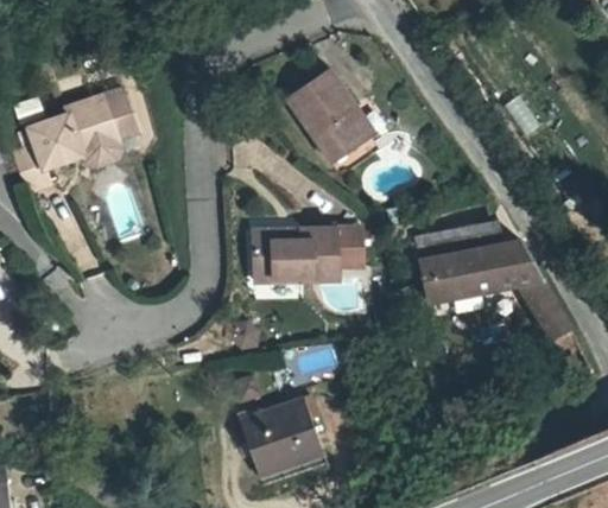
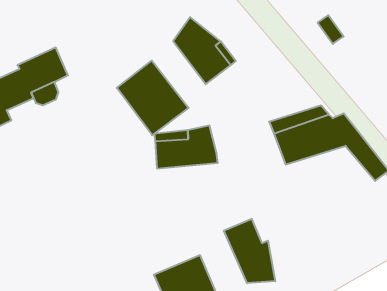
building: none -> [117,61,189,135]
building: [330,228,361,269] -> none
building: none -> [224,219,275,283]

